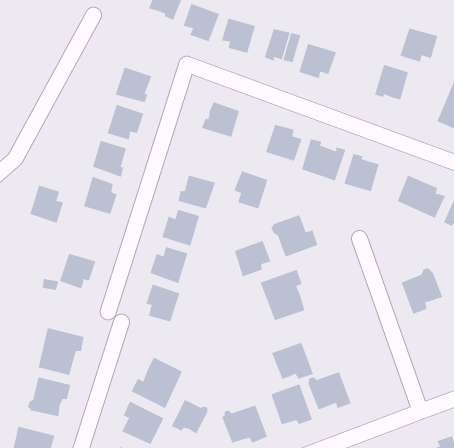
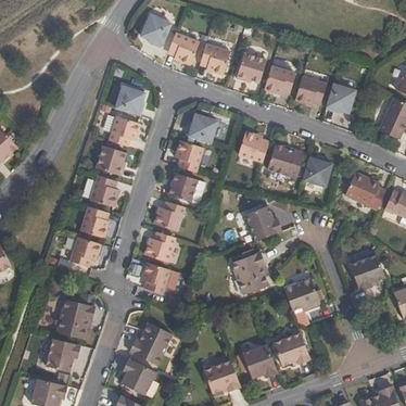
building: [400,28,438,63] -> [295,77,327,105]
building: [233,170,268,209] -> [175,141,203,173]
building: [29,185,64,223] -> [79,206,107,238]
building: [234,240,271,277] -> none
building: [271,342,314,380] -> [284,275,319,305]
building: [171,399,209,435] -> none

